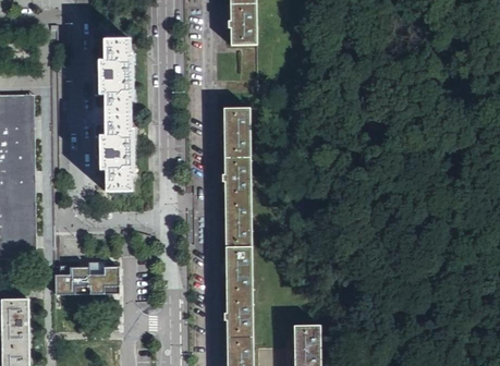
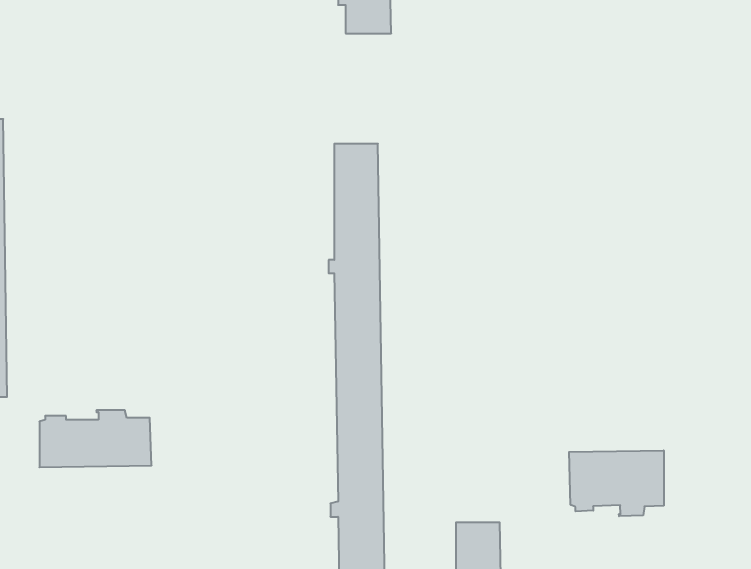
building: [94,40,135,192] -> none
building: none -> [569,450,664,516]

